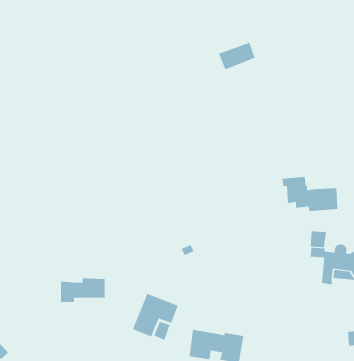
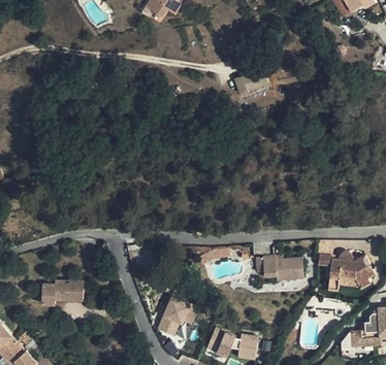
building: [282,176,338,211] -> [251,247,302,279]
building: [60,278,106,303] -> [41,280,83,303]

